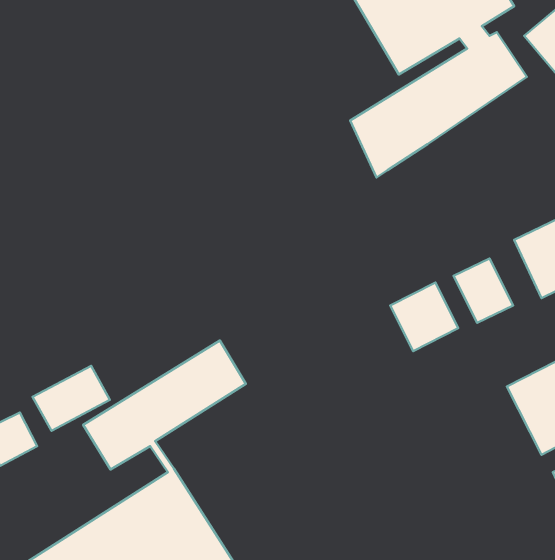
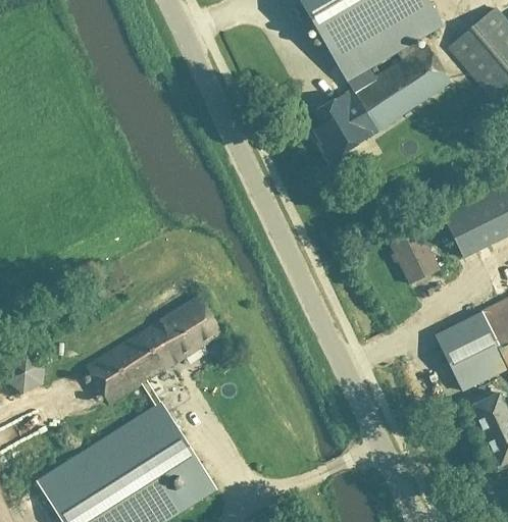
building: [390,283,458,351] -> none
building: [33,366,110,431] -> none

